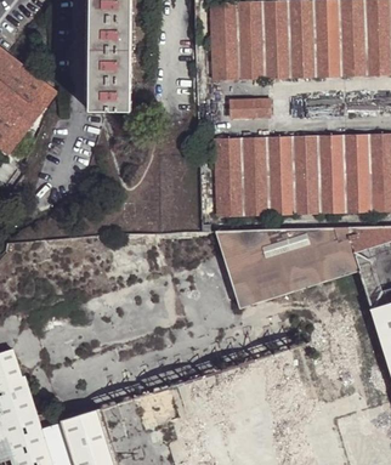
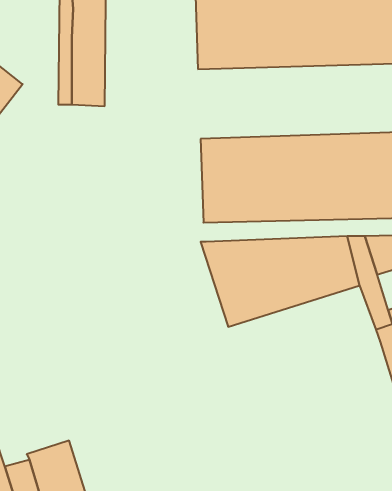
building: [230,100,270,118] -> none

